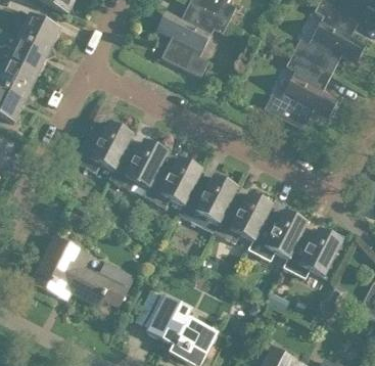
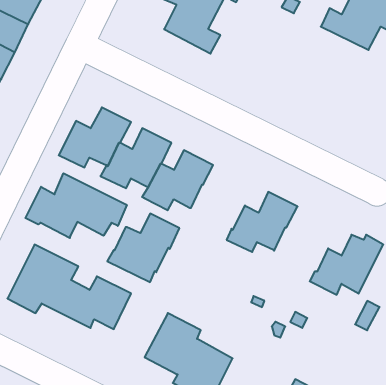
building: [264,53,334,127] -> none
building: [178,174,238,231] -> [107,214,179,282]
building: none -> [25,173,127,238]
building: [248,210,309,260] -> none

